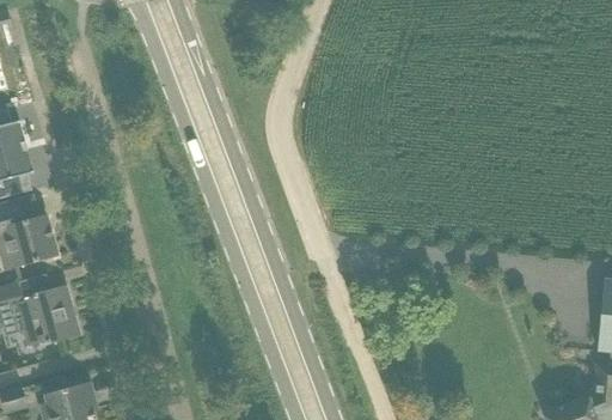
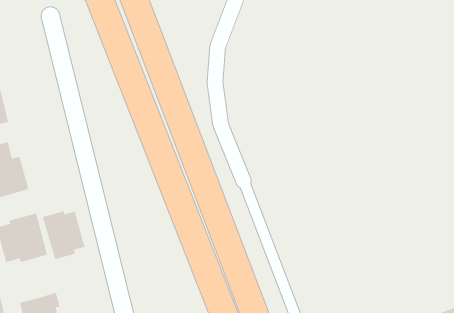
building: none -> [42,211,85,260]

